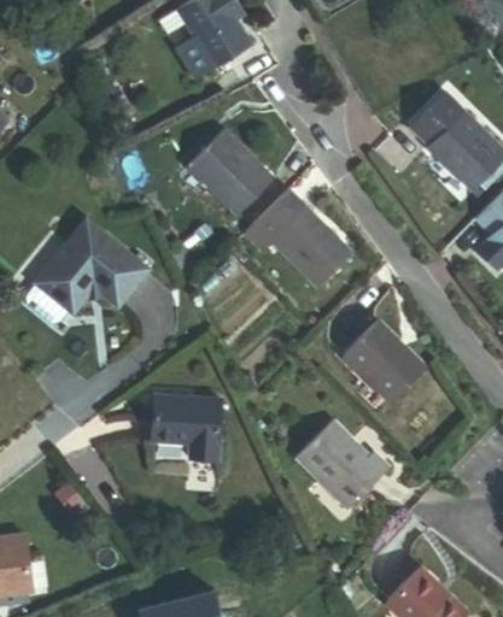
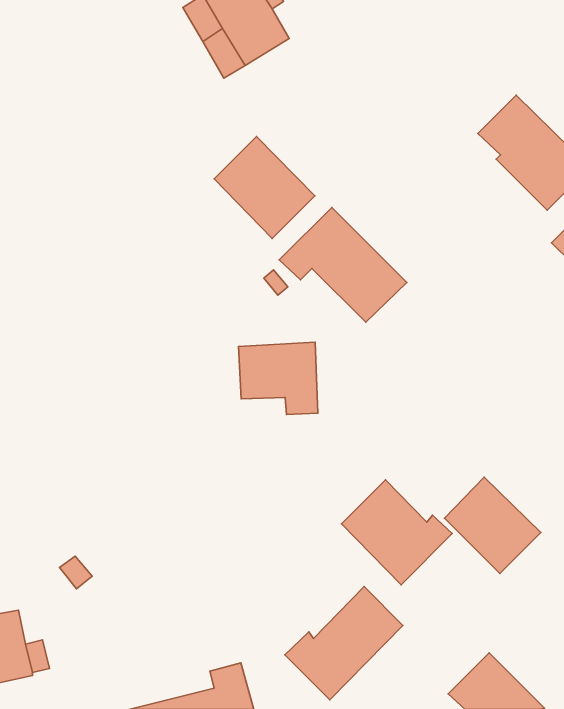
building: [22,228,135,321] -> none
building: [344,321,426,402] -> [445,477,541,574]
building: [154,388,222,449] -> [238,342,318,415]
building: none -> [285,587,403,700]

